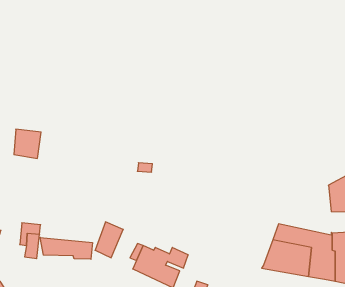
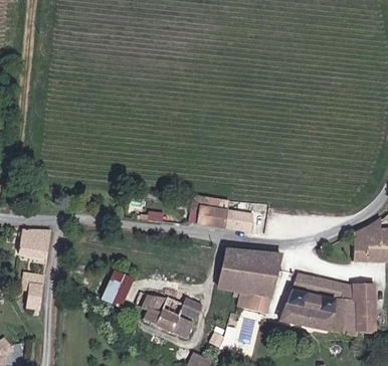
building: [14,129,41,158] -> [21,228,50,259]
building: none -> [196,207,252,232]
building: none -> [219,250,280,313]
building: [40,237,92,259] -> none

